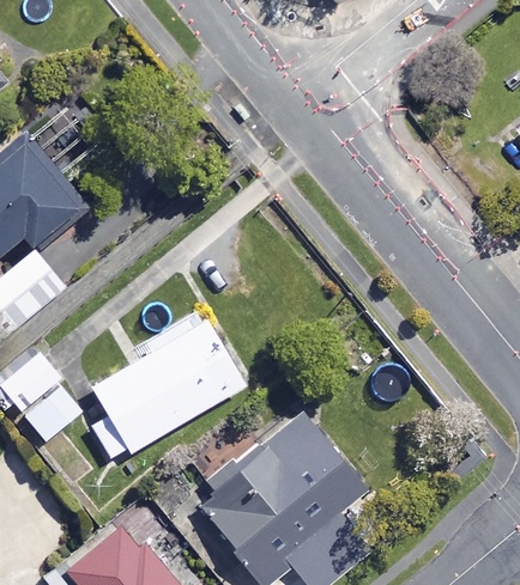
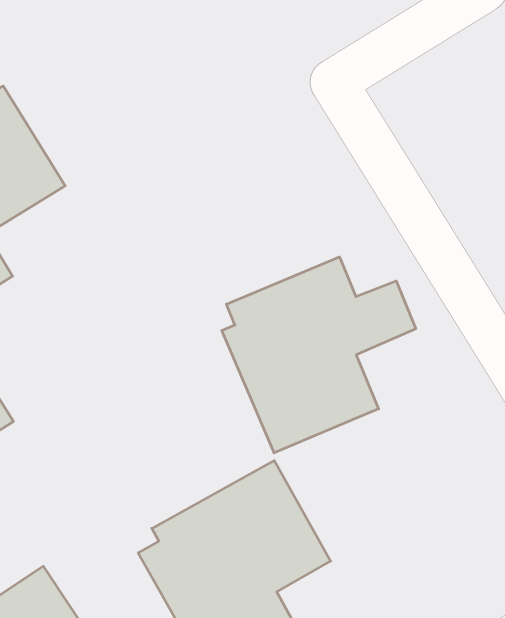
building: none -> [222,257,416,453]
building: [89,323,238,463] -> none

